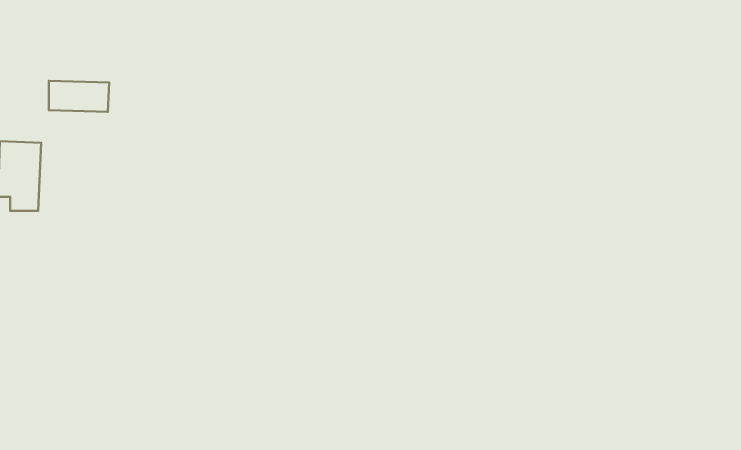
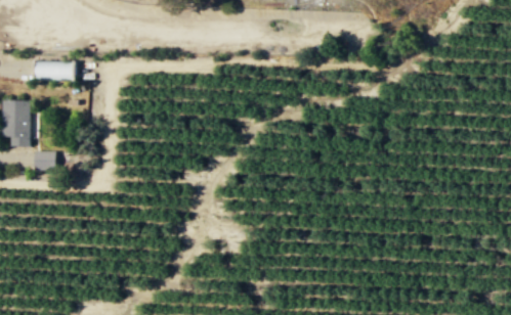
building: none -> [35,151,55,170]

